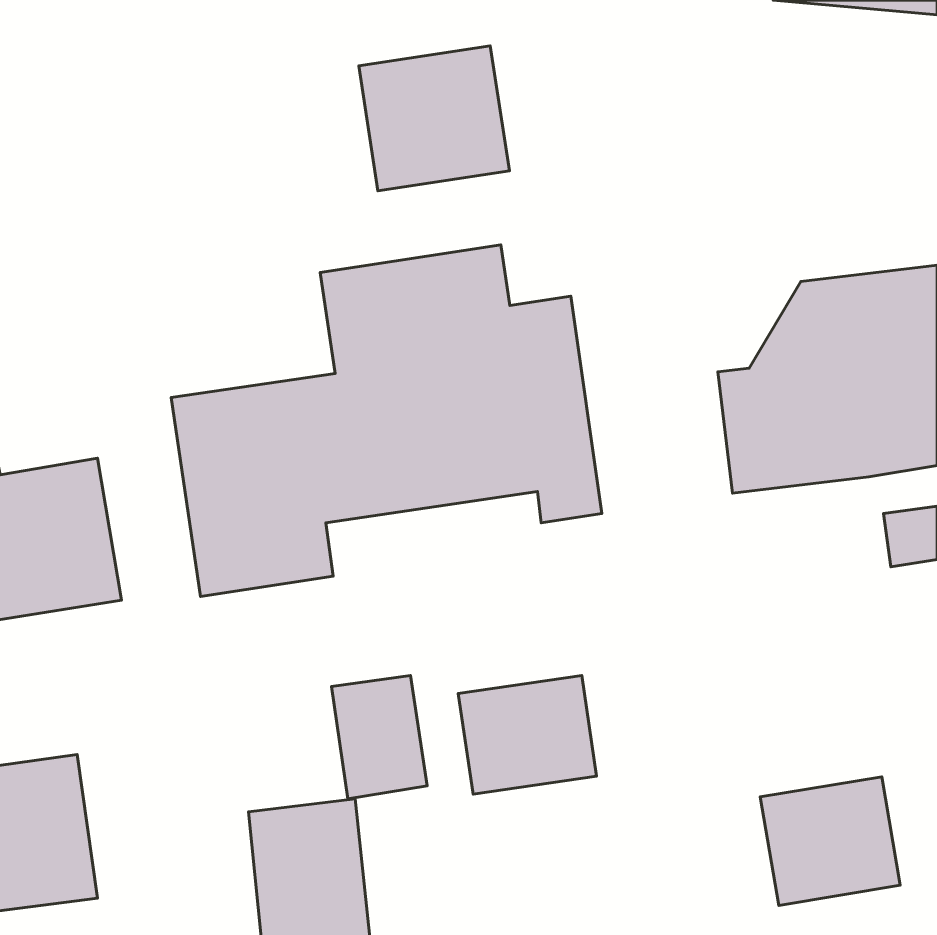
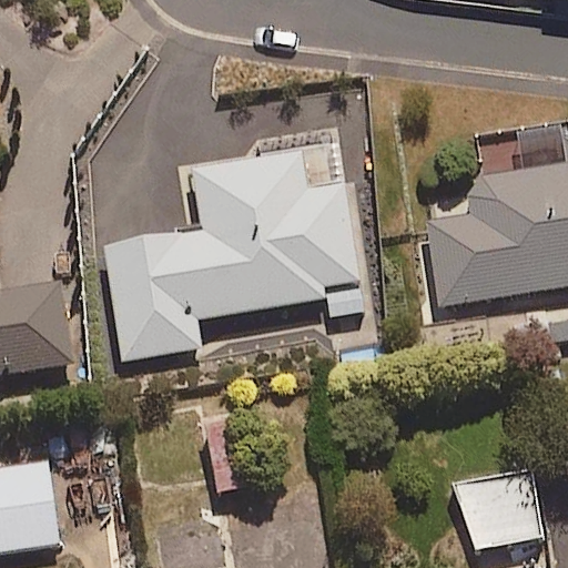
building: [359,46,509,191] -> none
building: [458,675,597,794] -> none

